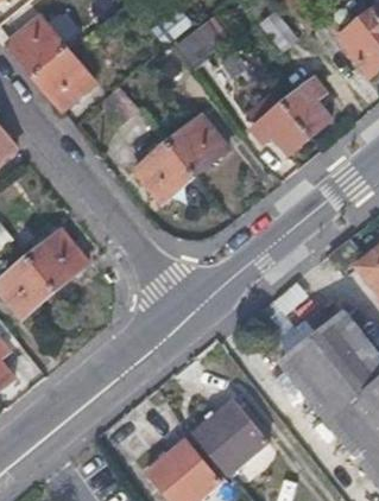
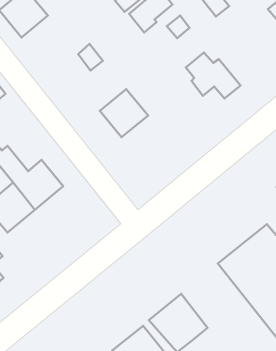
building: [34,49,94,110] -> none
building: [283,77,331,137] -> none
building: [166,113,229,175] -> none

